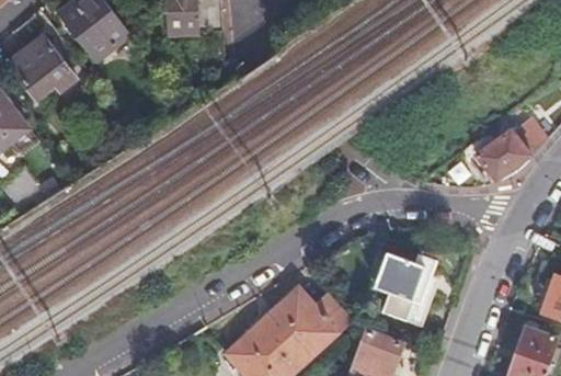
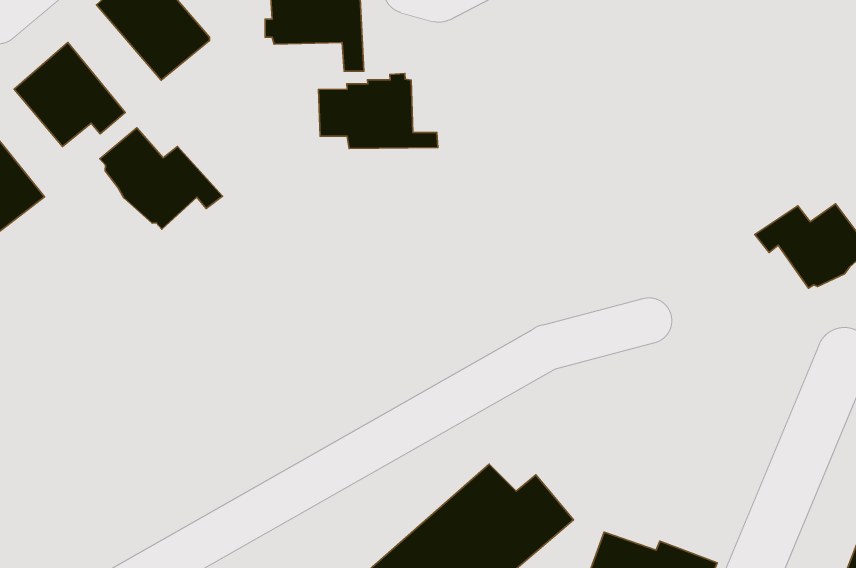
building: none -> [319,74,438,148]
building: none -> [100,128,223,229]
building: [371,252,439,326] -> none

